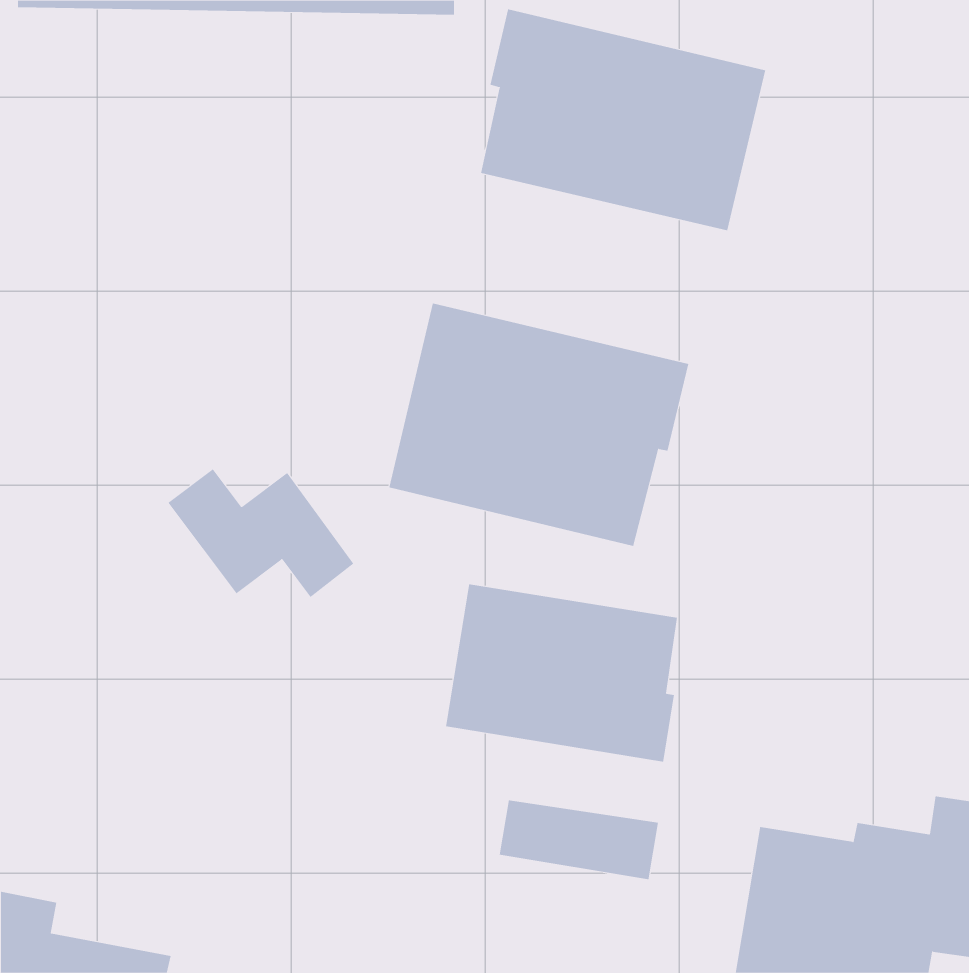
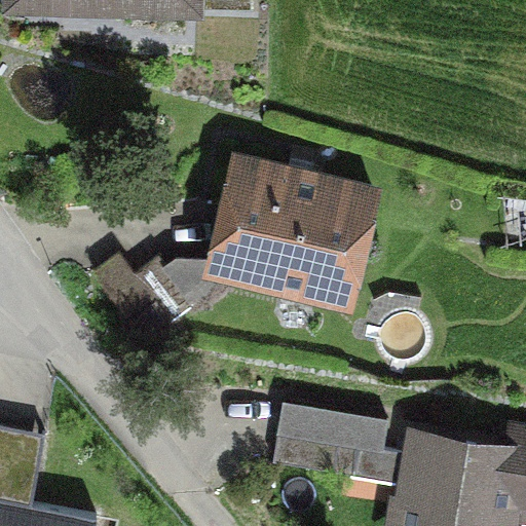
building: [481,9,766,231] -> none
building: [445,583,678,763] -> none

